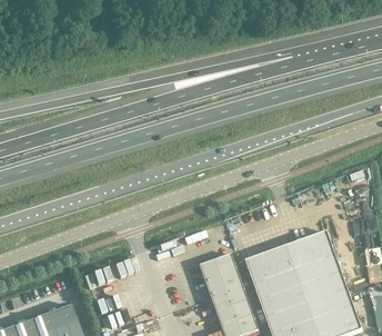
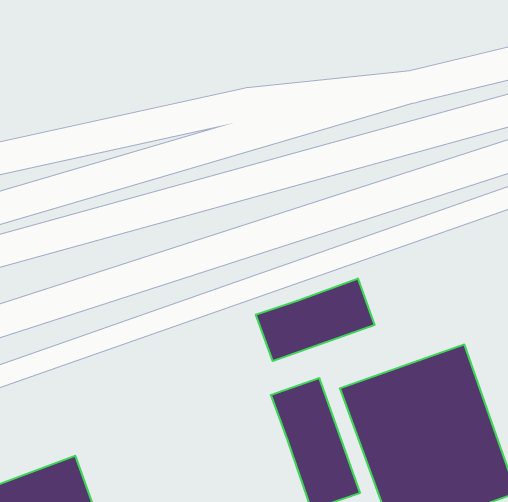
building: none -> [256,278,375,361]

